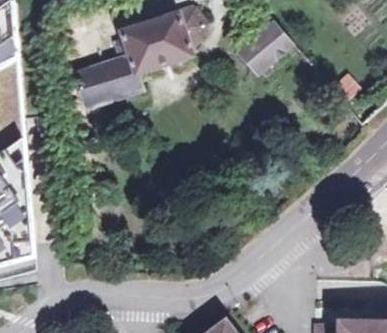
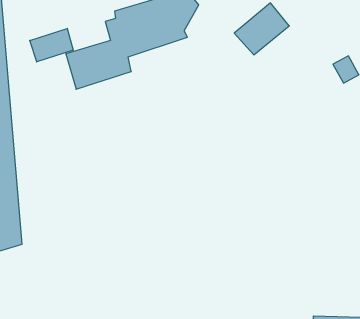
building: none -> [30,28,73,62]

